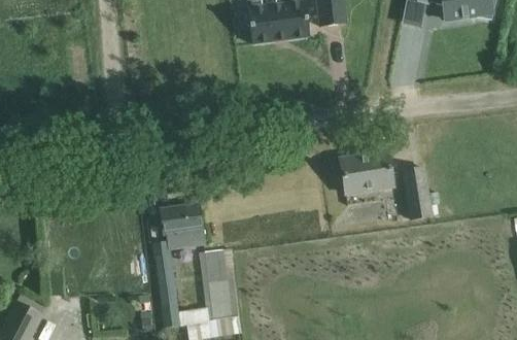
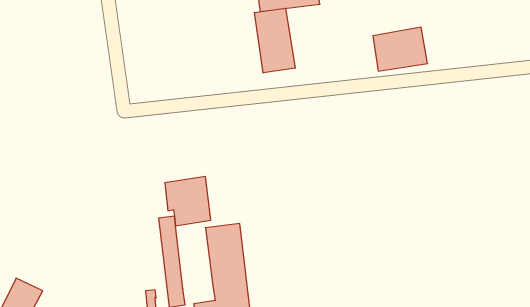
building: none -> [254,8,295,73]
building: [340,150,392,193] -> [373,27,428,71]
building: [403,167,430,219] -> none

